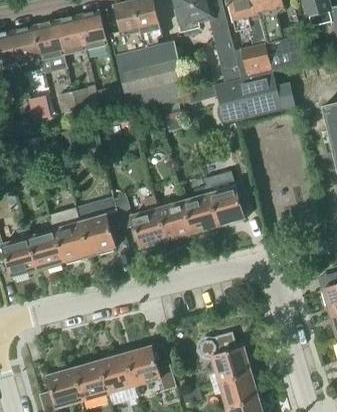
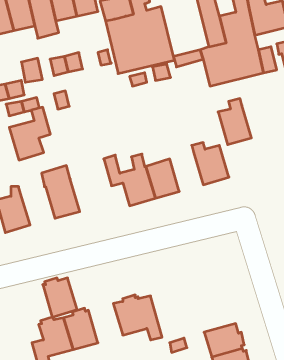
building: [183,186,218,234] -> [218,99,251,145]
building: [79,200,122,255] -> [9,107,50,160]
building: [27,229,63,269] -> none
building: [198,333,252,381] -> none
building: [98,351,134,392] -> [43,278,77,317]

